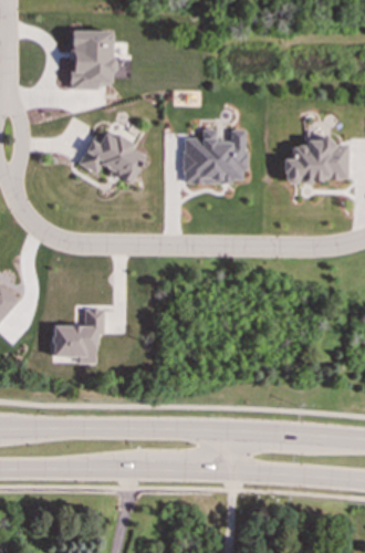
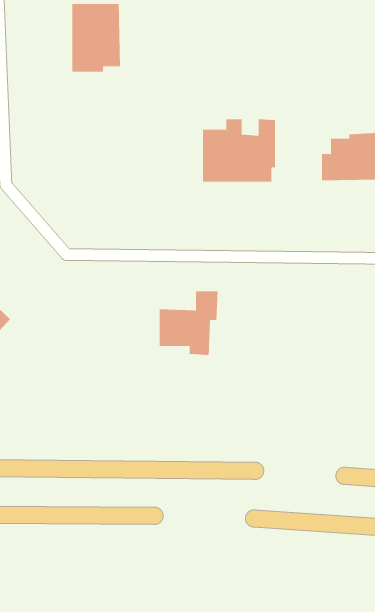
building: [77,132,146,184] -> none
building: [53,309,104,364] -> [159,291,218,355]

